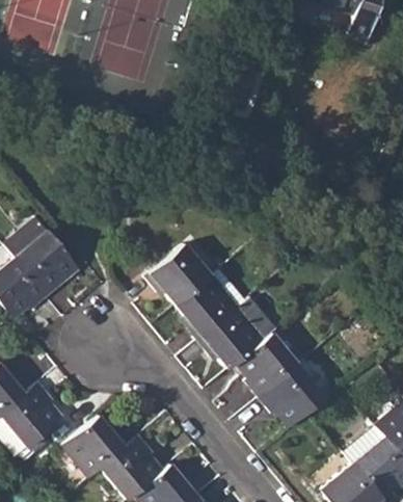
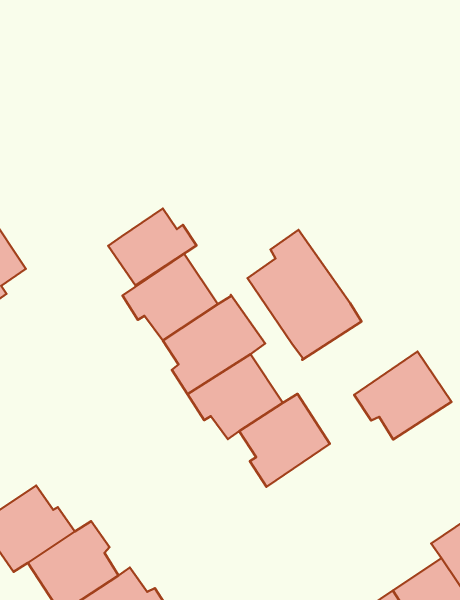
building: none -> [108,209,197,285]
building: none -> [247,230,362,360]
building: [259,364,326,426] -> [354,352,451,439]

